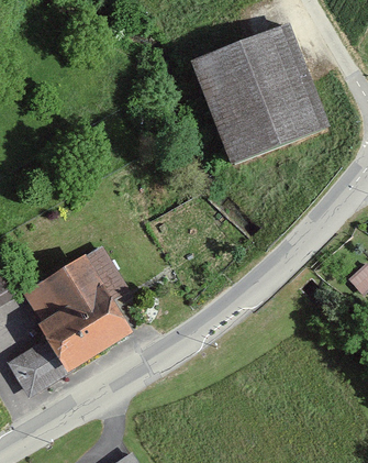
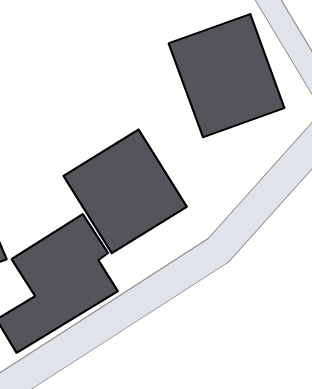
building: none -> [63,129,187,253]

